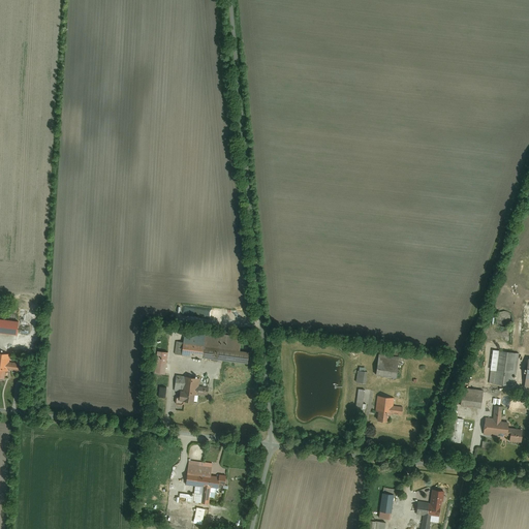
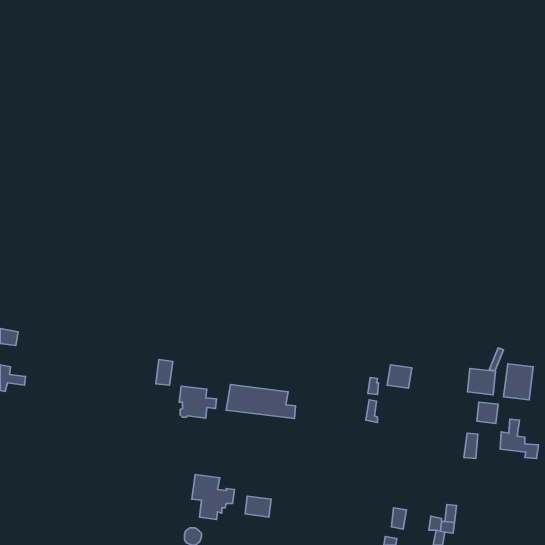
building: [181,329,248,362] -> [226,384,296,419]
building: none -> [468,368,496,395]
building: [374,395,403,421] -> none
building: none -> [245,496,271,517]

